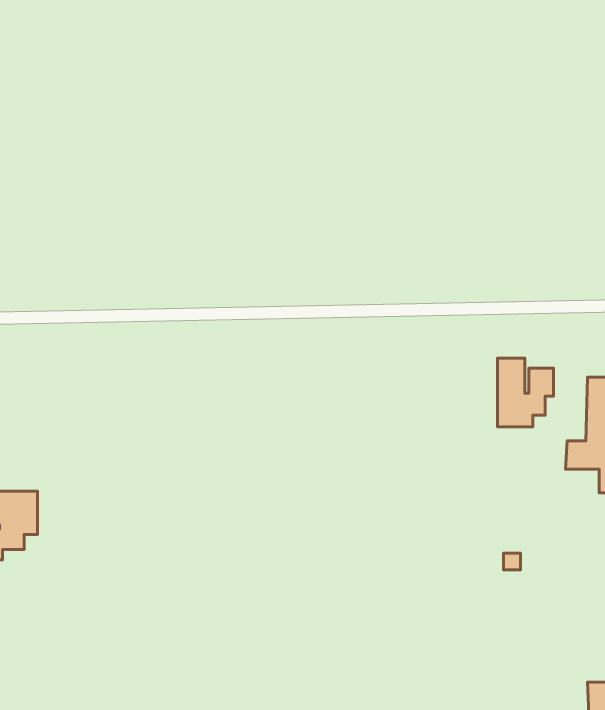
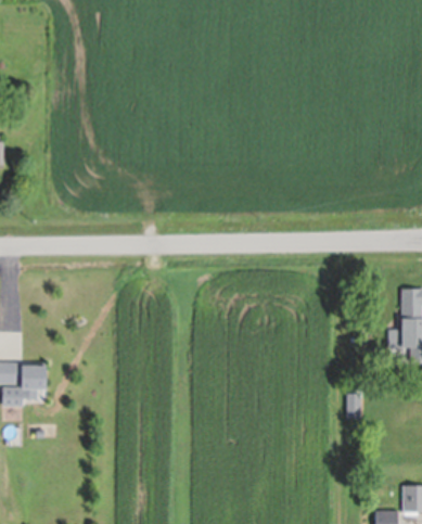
building: [497,358,553,427] -> none

